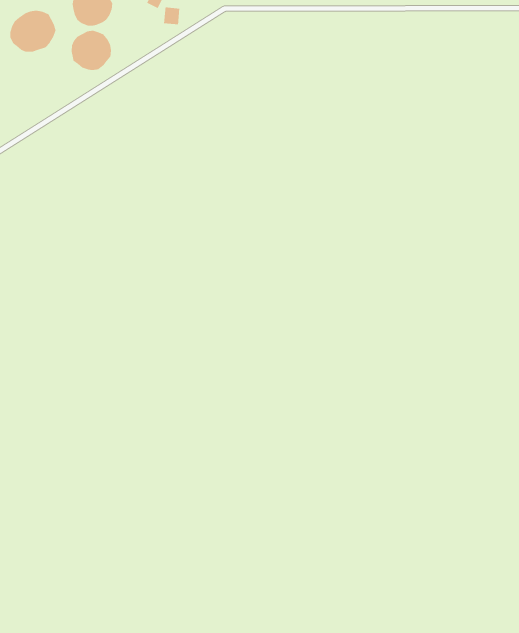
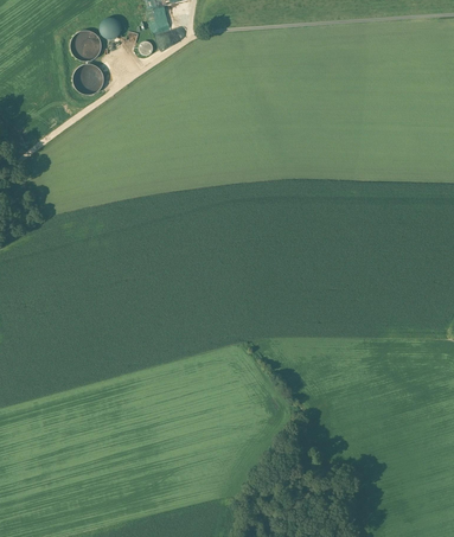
building: [9,10,56,52] -> none

